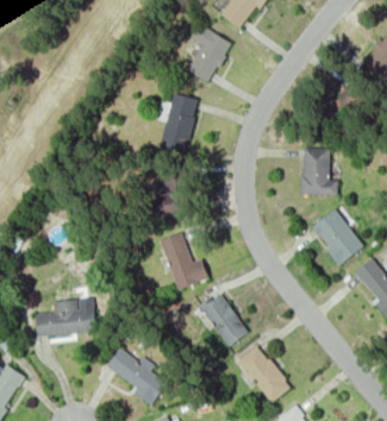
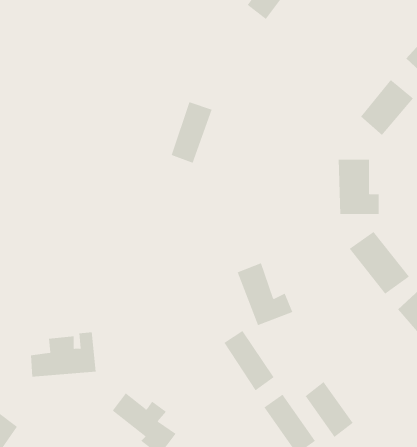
building: [187,23,233,82] -> none
building: [158,176,181,219] -> none
building: [160,233,208,288] -> [237,263,293,326]
building: none -> [305,381,353,438]

